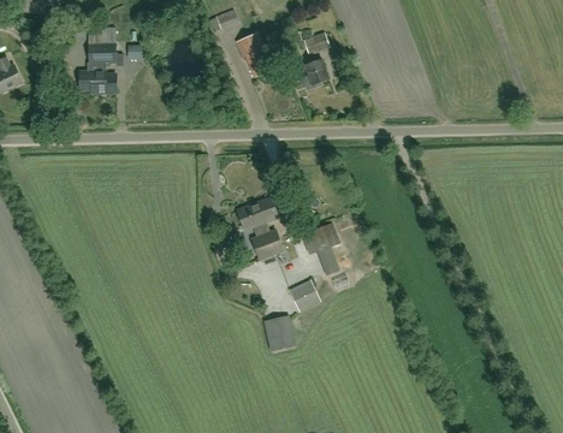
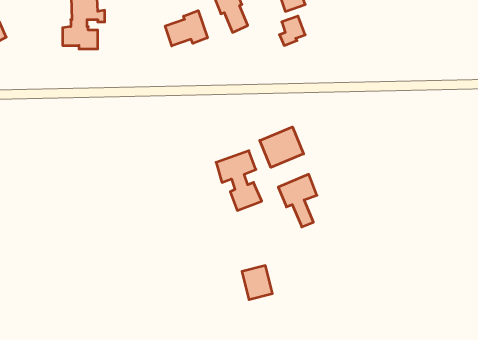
building: none -> [165,11,207,46]
building: none -> [260,127,304,167]
building: [288,279,321,312] -> none

